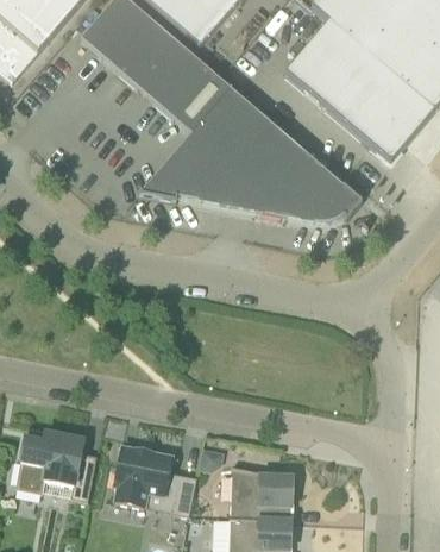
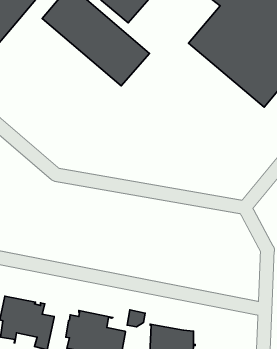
building: [139,87,363,221] -> none

